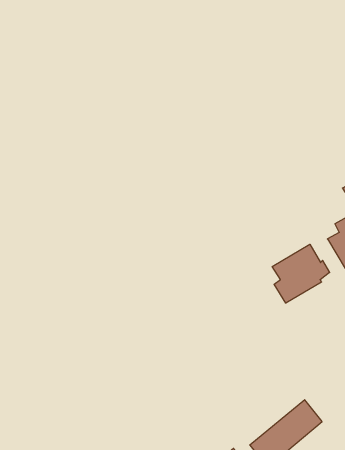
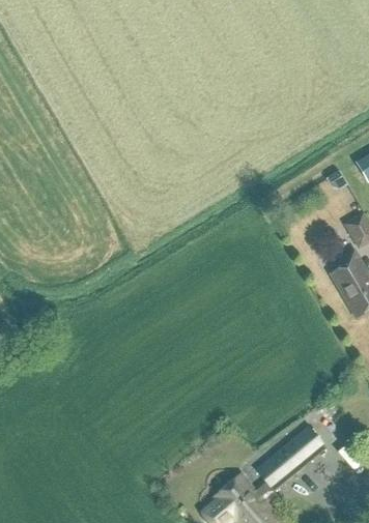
building: [272,244,330,303] -> none

